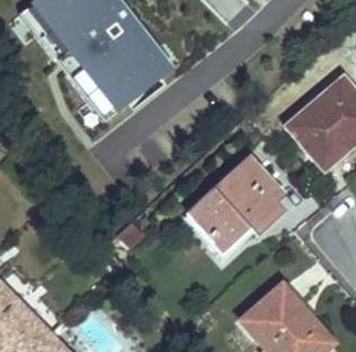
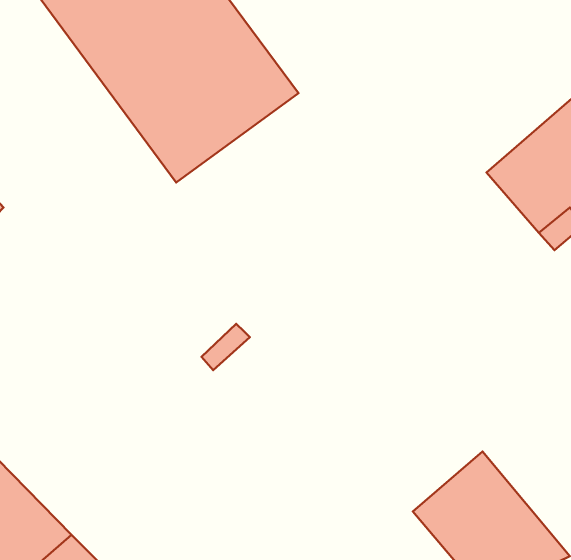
building: [190,154,281,245] -> none

